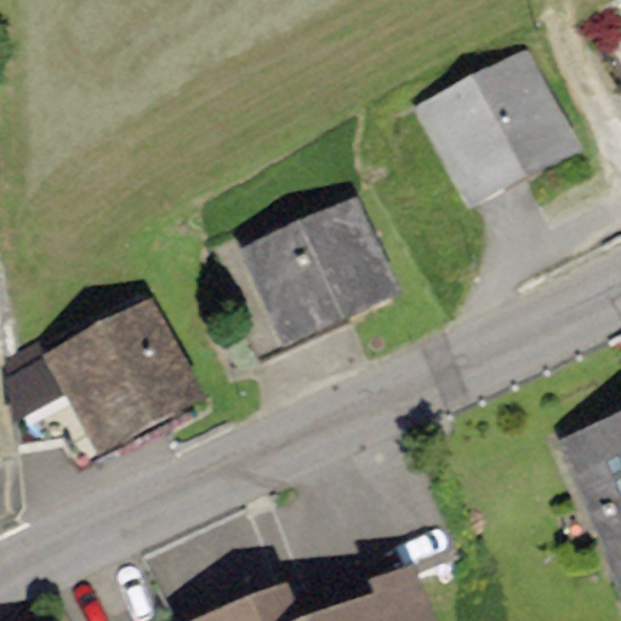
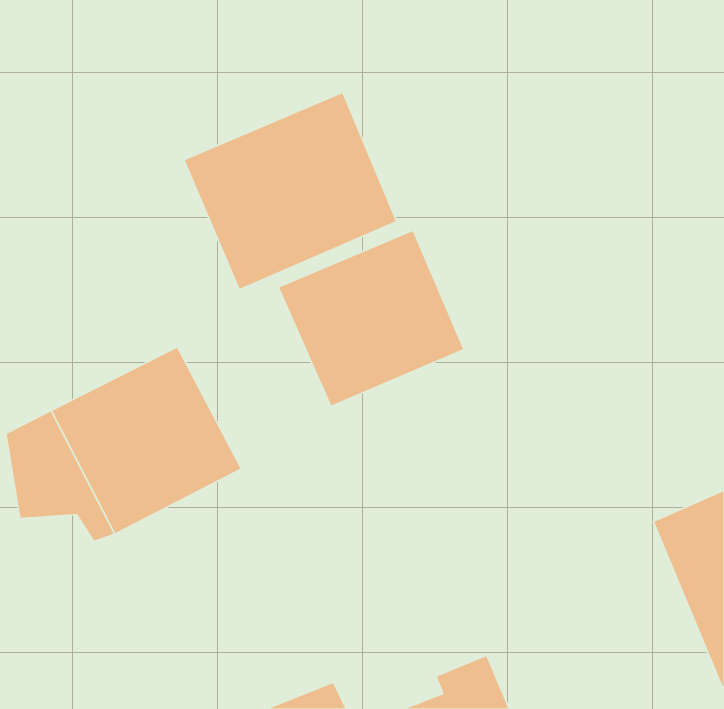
building: [416,44,583,205] -> none
building: none -> [184,92,397,290]

